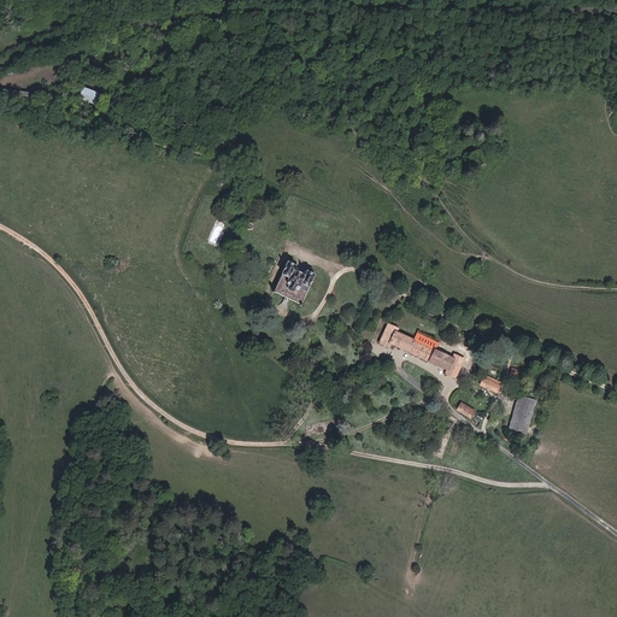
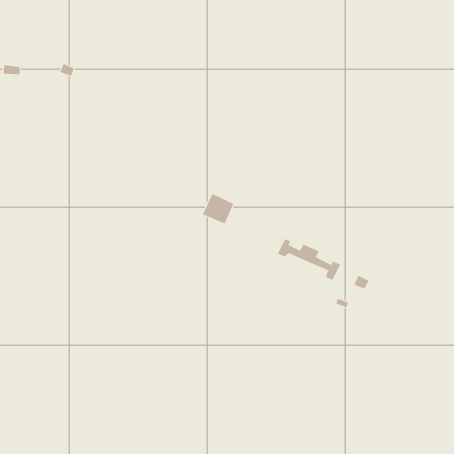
building: [506,394,539,435] -> none

